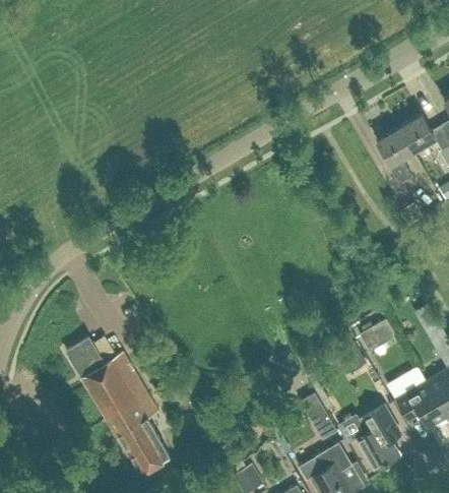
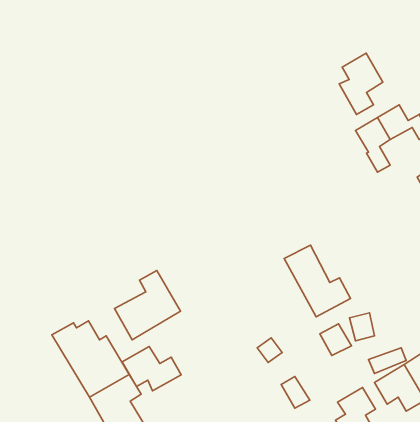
building: none -> [339,53,383,114]
building: none -> [284,245,350,317]
building: none -> [115,271,180,340]
building: none -> [122,346,181,391]

